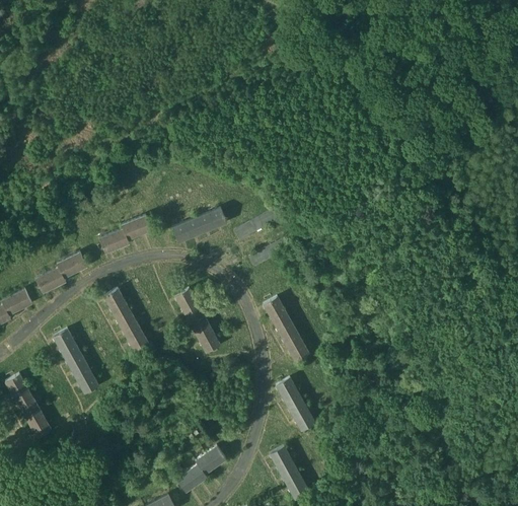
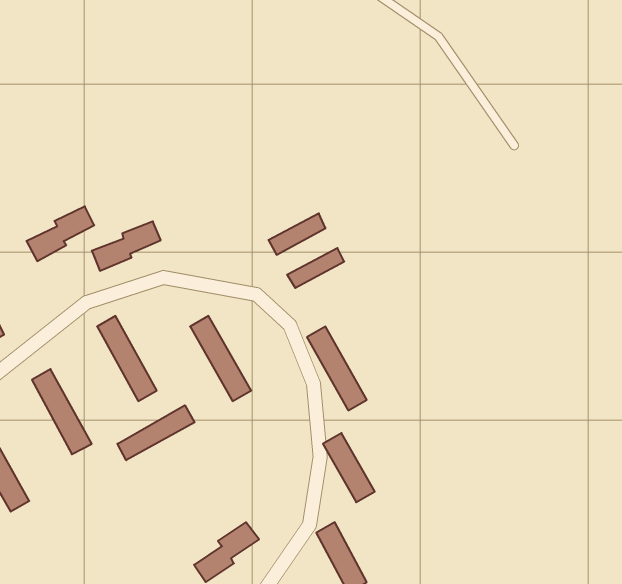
building: [172,208,226,242] -> none
building: [34,251,86,293] -> [26,206,94,261]
building: none -> [117,405,195,460]

